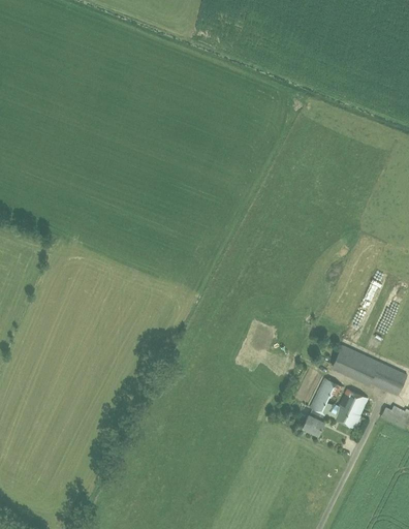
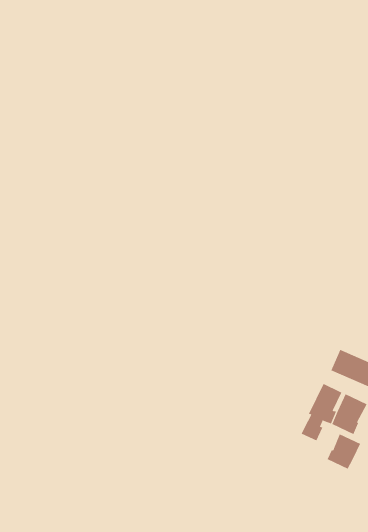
building: none -> [327,434,361,469]

